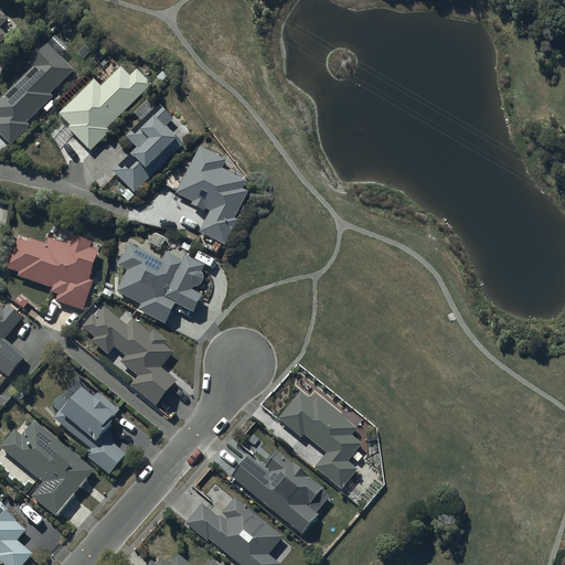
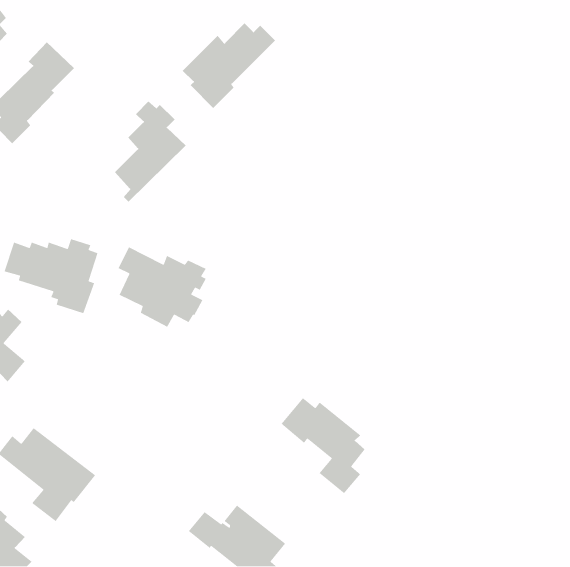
building: [60,64,152,149] -> [182,23,276,109]
building: [175,146,247,253] -> none
building: [82,306,175,407] -> none
building: [50,387,127,476] -> none
building: [231,451,322,534] -> none

